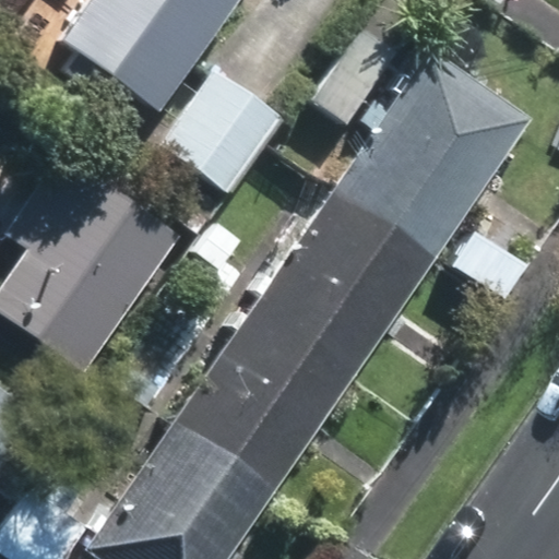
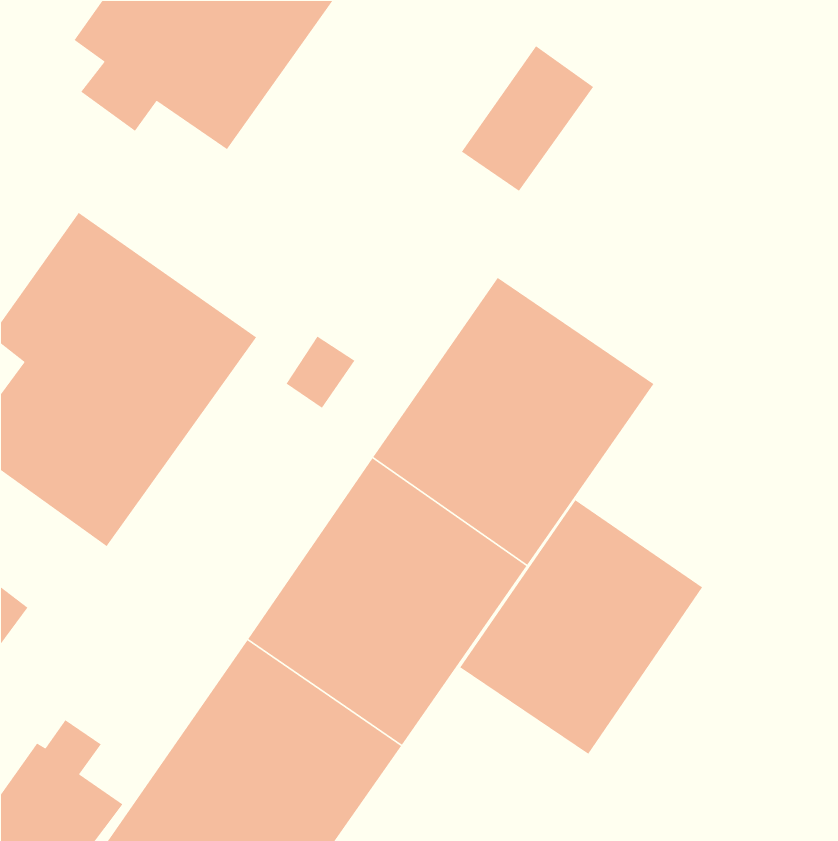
building: [335,56,530,259] -> none
building: [157,60,280,188] -> none
building: none -> [459,499,703,755]

